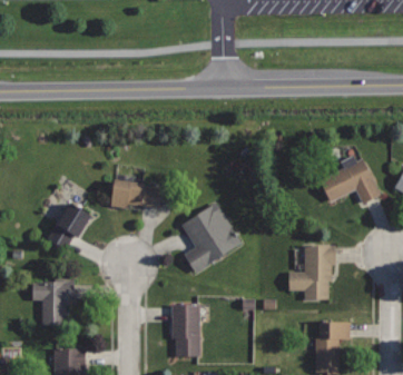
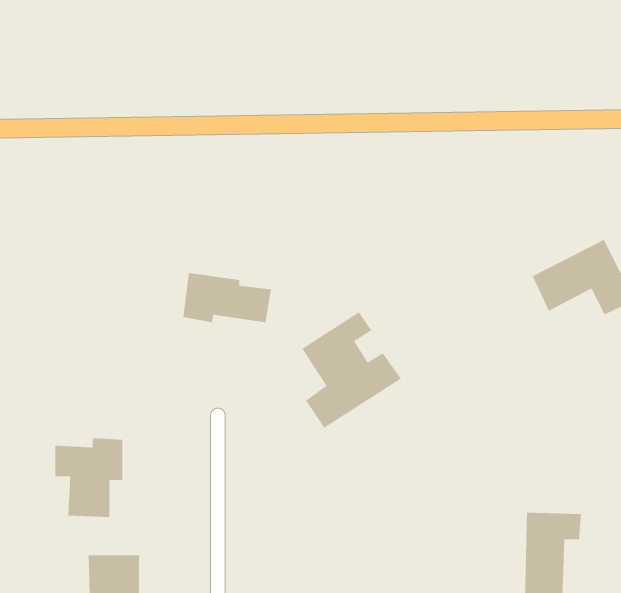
building: [51,204,90,246] -> none
building: [288,245,335,299] -> none
building: [173,304,199,355] -> none

